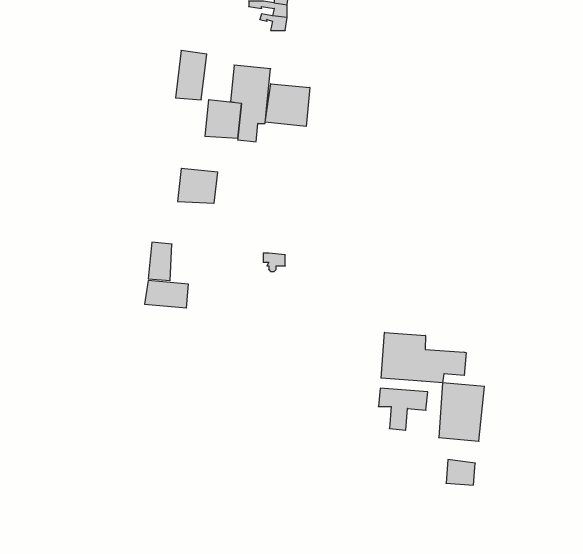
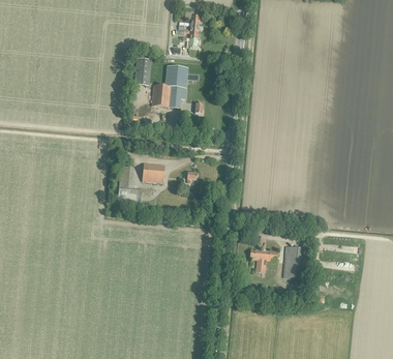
building: [265,84,310,126] -> none
building: [178,168,218,203] -> [142,162,164,182]
building: [381,332,466,383] -> none

